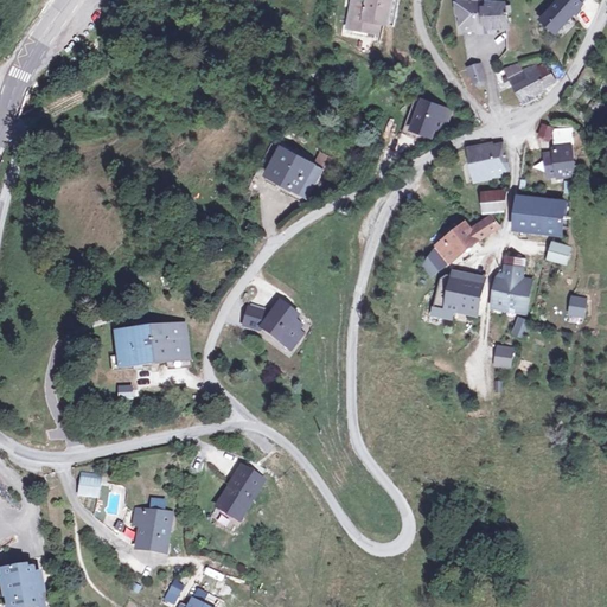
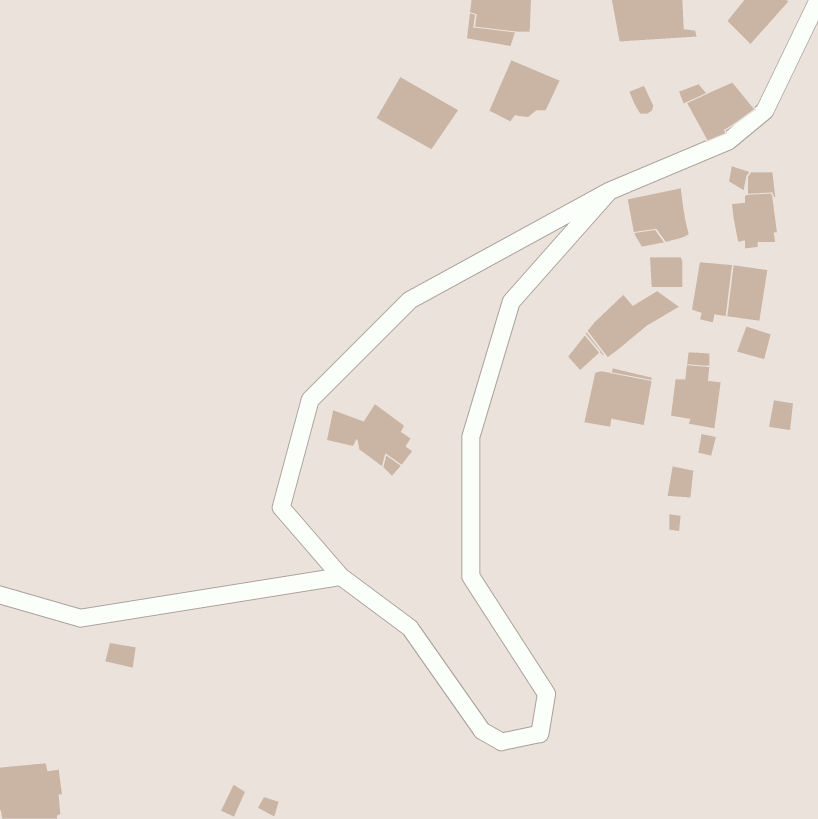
building: [400,94,453,140] -> [488,60,561,122]
building: [261,143,322,198] -> [376,76,459,150]
building: [111,319,189,369] -> none
building: [213,460,267,520] -> none
building: [130,496,174,554] -> none

